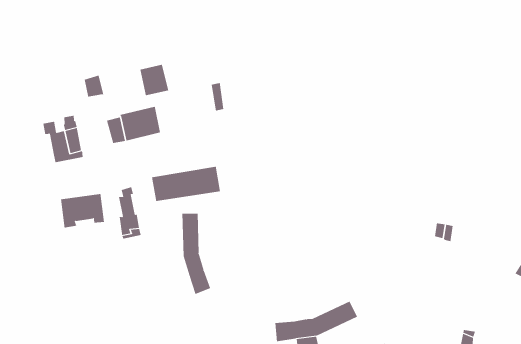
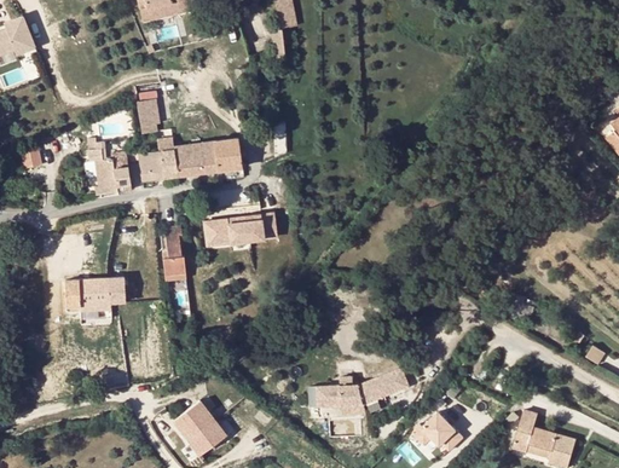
building: [139,64,169,96] -> [213,138,243,171]
building: none -> [138,152,163,181]
building: [60,193,105,228] -> [65,278,111,312]
building: [182,213,211,295] -> none

